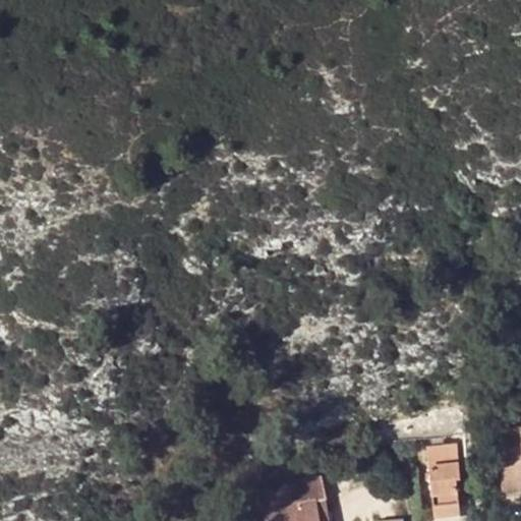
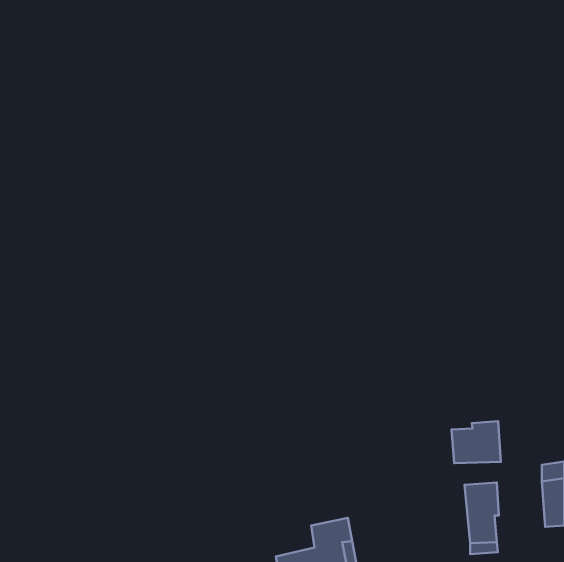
building: none -> [451,421,501,463]

